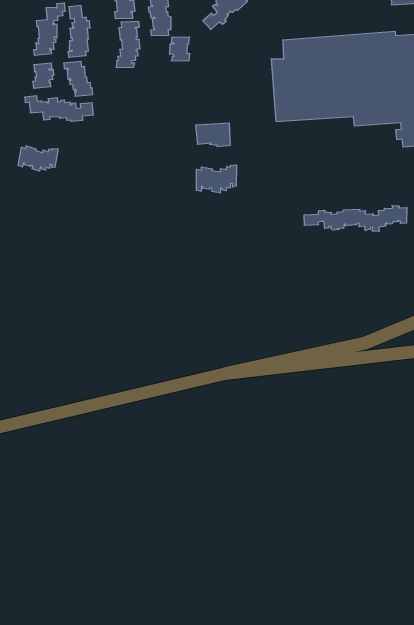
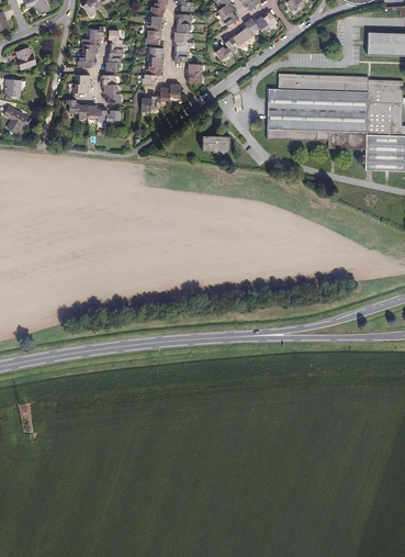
building: none -> [142,81,180,112]
building: [18,146,58,171] -> none
building: [196,165,236,193] -> none
building: [304,205,407,232] -> none

